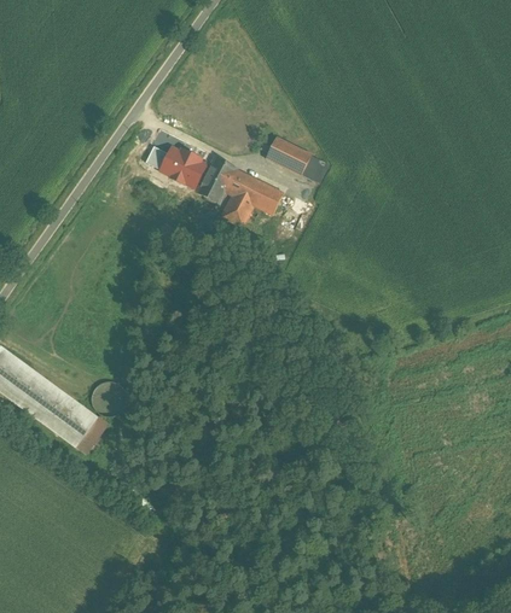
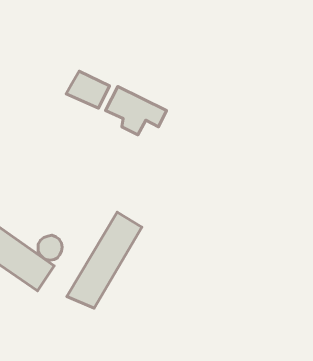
building: [267,136,332,185] -> none
building: none -> [67,212,142,308]

